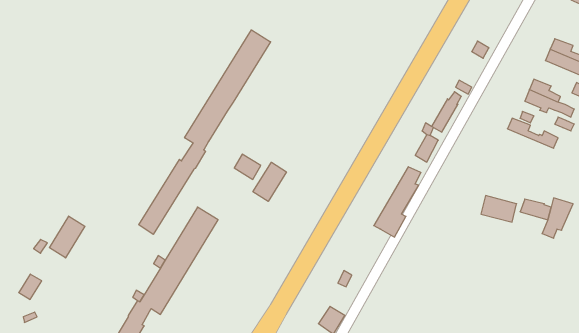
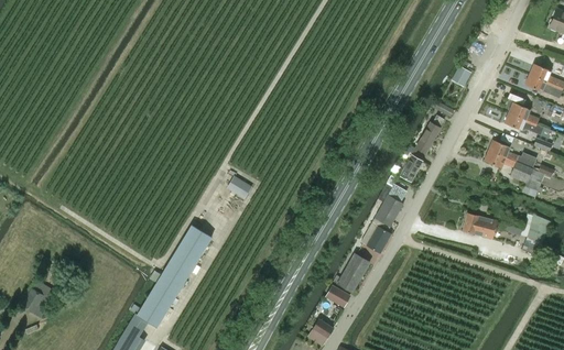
building: [139,30,271,234] -> none
building: none -> [484,150,544,193]
building: [253,162,286,201] -> none
building: [49,216,85,258] -> none
building: none -> [337,253,369,292]

